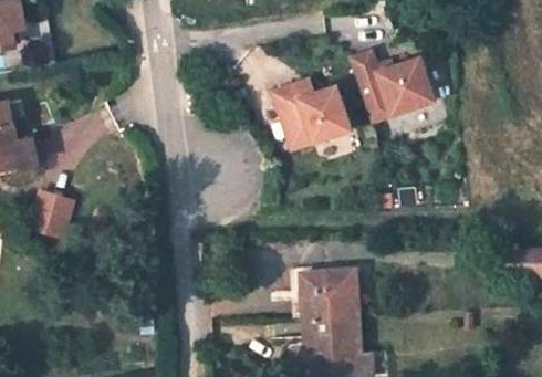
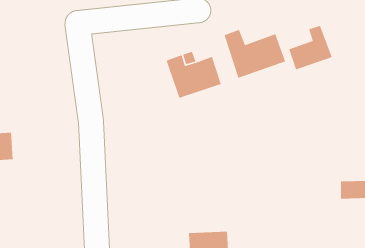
building: none -> [288,25,333,70]
building: [300,272,355,321] -> none

